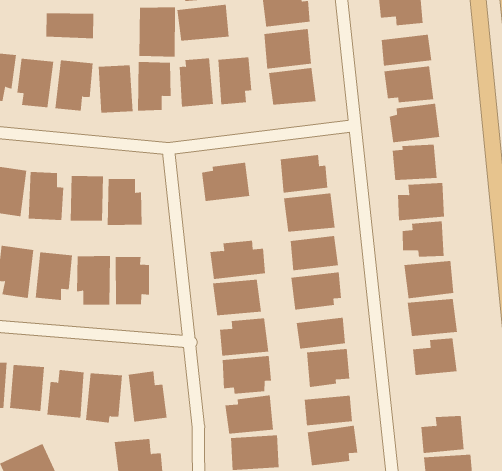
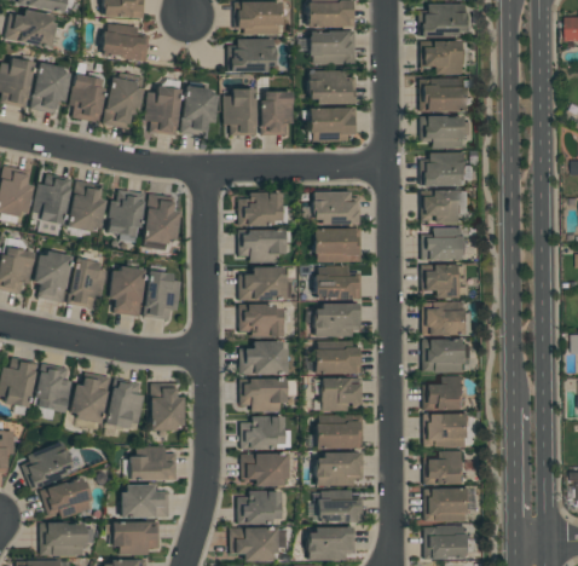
building: [139,7,176,58] -> none
building: none -> [238,230,287,259]
building: none -> [424,412,470,446]

